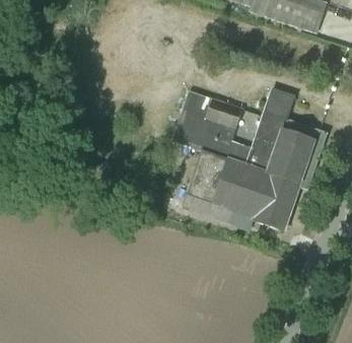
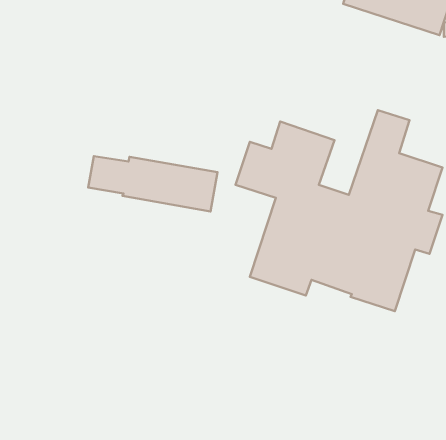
building: none -> [88,156,218,211]

